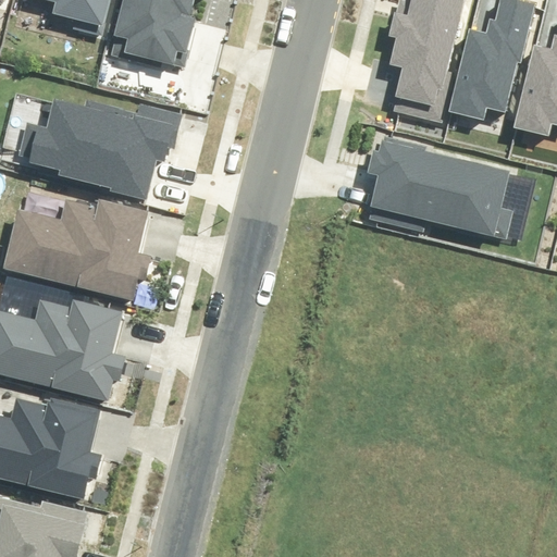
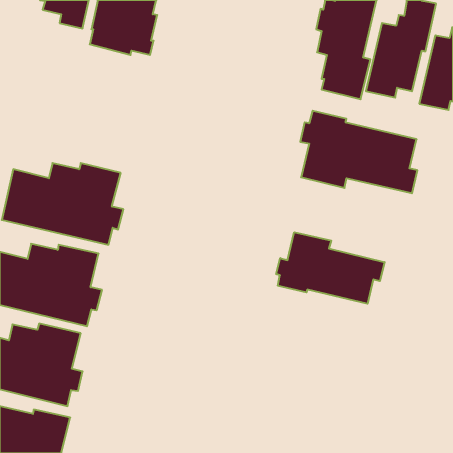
building: [18,99,183,200] -> none
building: none -> [276,232,385,304]

